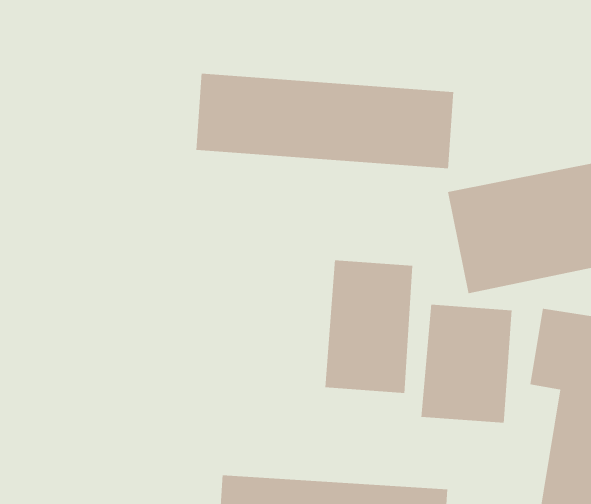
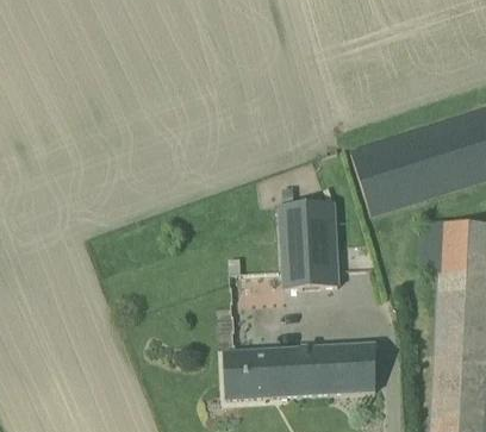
building: [196,73,454,169] -> none
building: [421,304,512,424] -> none

